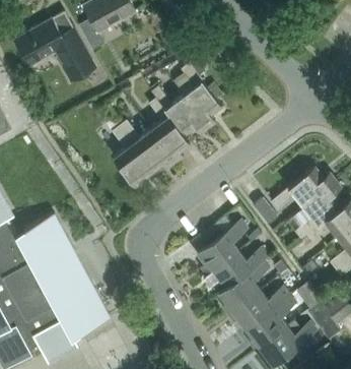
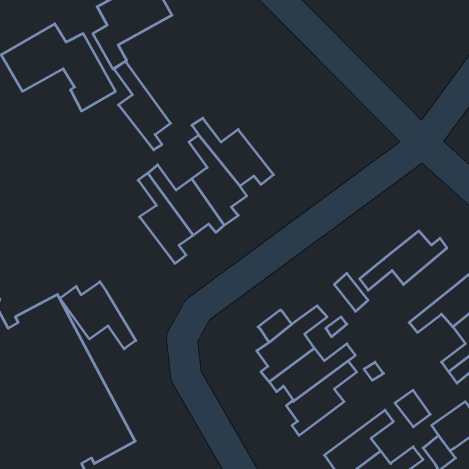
building: [181,63,221,127] -> [114,61,171,150]
building: [294,180,343,239] -> none
building: none -> [60,282,136,349]
building: [227,288,289,329] -> none

